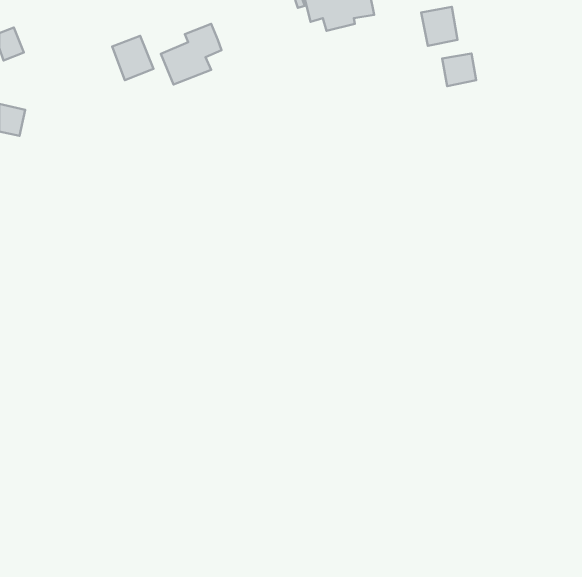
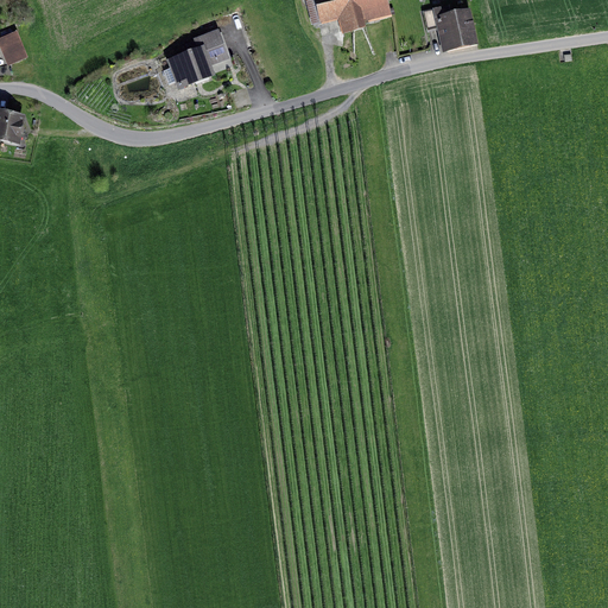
building: [112,36,153,80] -> none
building: [442,54,476,86] -> none

